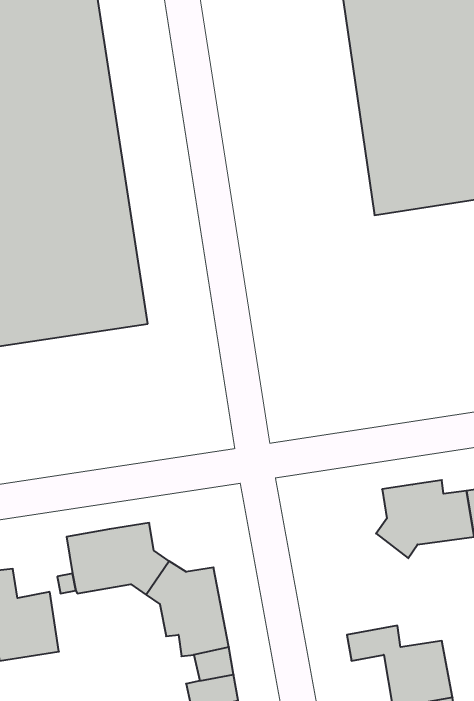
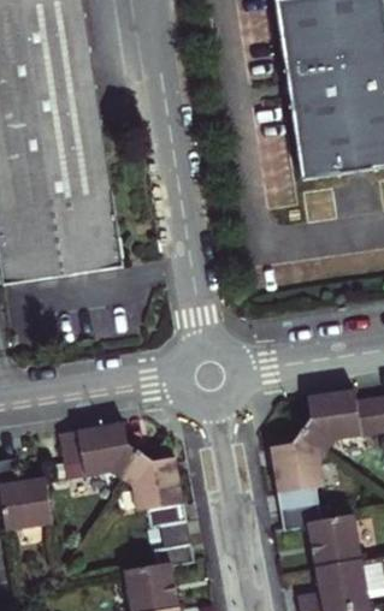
building: none -> [270,431,327,510]

